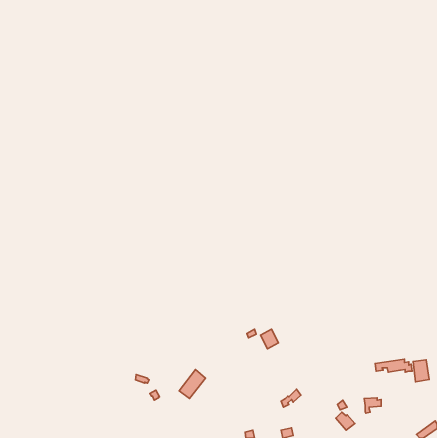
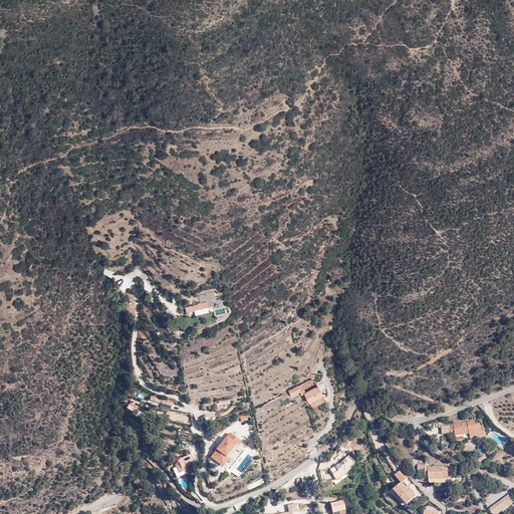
building: [413,360,429,382] -> none

